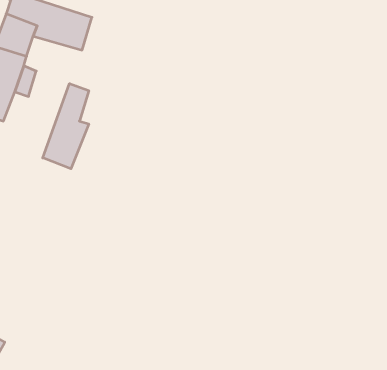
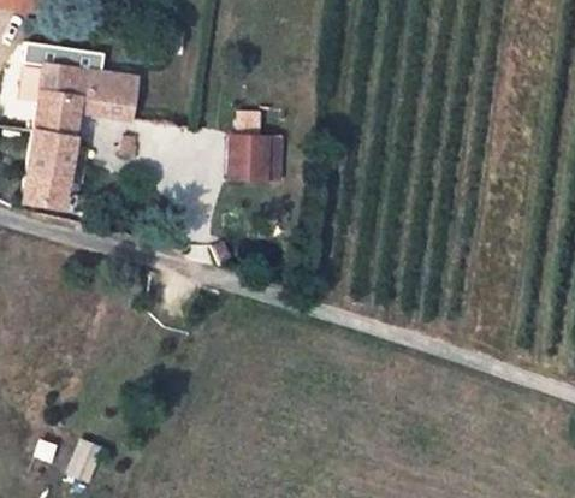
building: none -> [232,129,275,176]
building: [43,84,89,169] -> none

